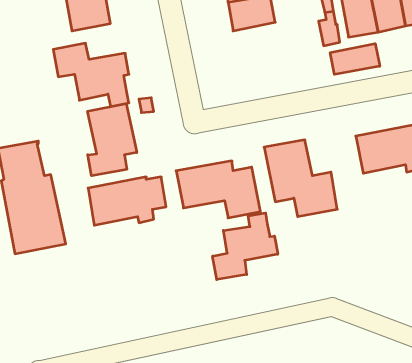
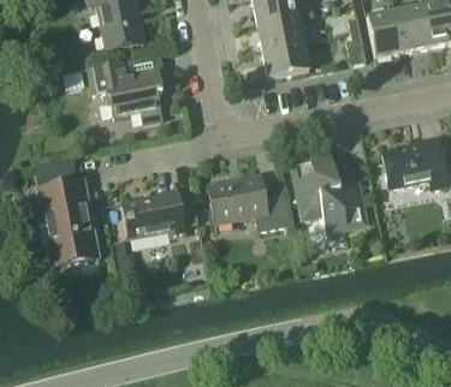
building: none -> [262,41,309,77]
building: [330,44,380,74] -> none
building: [88,104,137,176] -> none
building: [213,213,278,280] -> none

